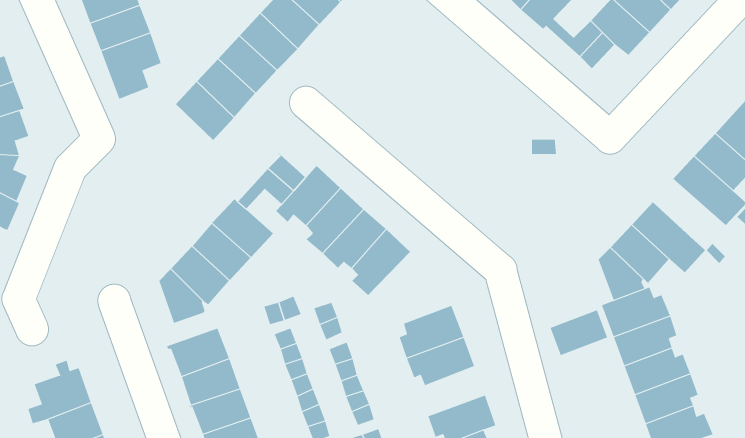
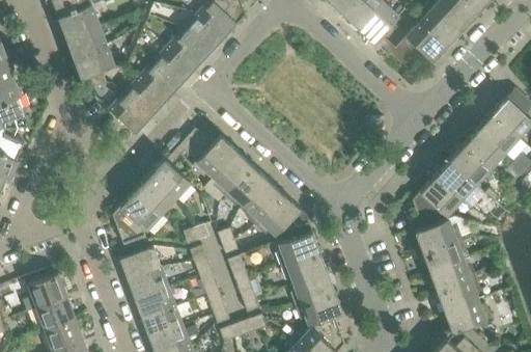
building: none -> [109,93,149,134]
building: none -> [449,144,490,184]
building: none -> [255,194,309,235]
building: [550,310,608,356] -> none
building: none -> [290,272,335,306]

